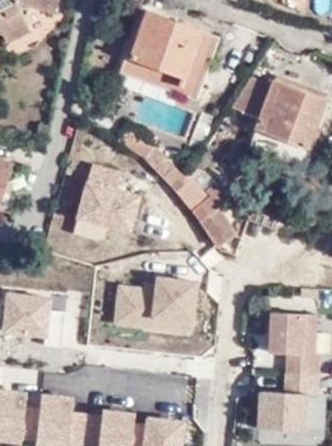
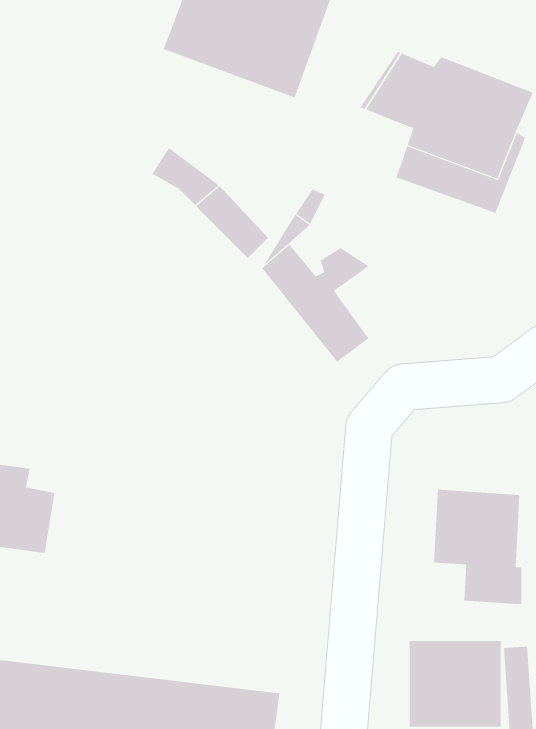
building: [72,162,141,241] -> none
building: [111,276,199,336] -> none

